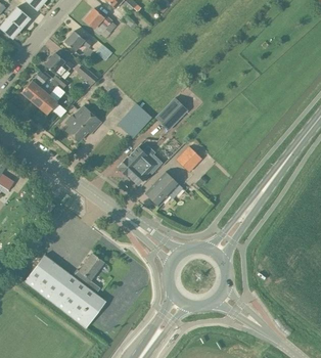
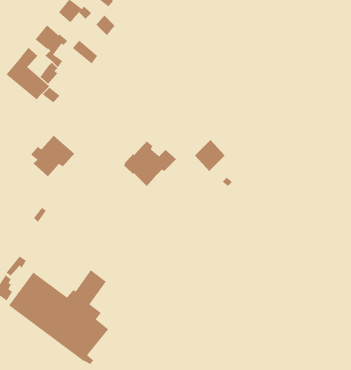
building: [155,97,187,129] -> none
building: [117,103,151,138] -> none
building: [64,105,101,140] -> [30,135,75,177]
building: [145,171,183,205] -> none

